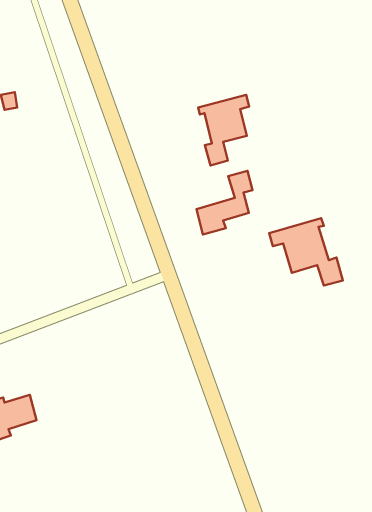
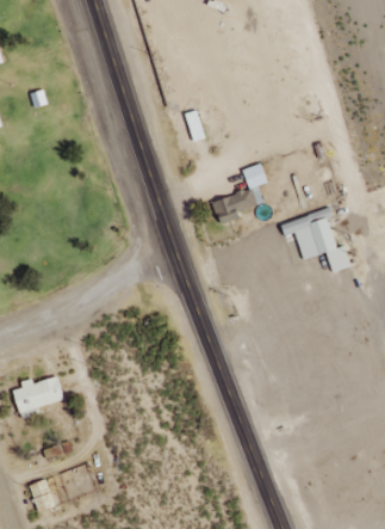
building: [198,95,249,166] -> none

